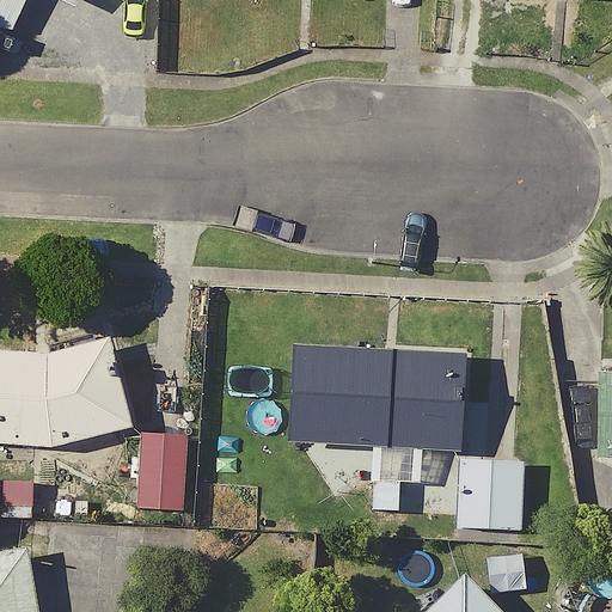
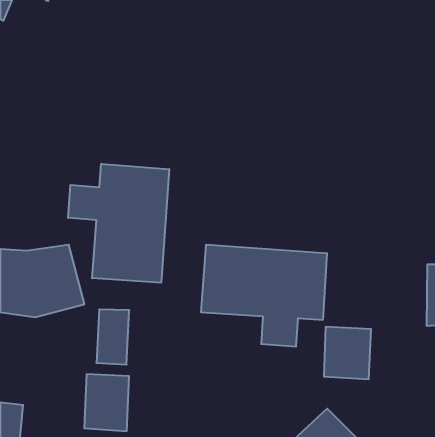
building: none -> [68,164,169,283]
building: none -> [84,374,129,431]

